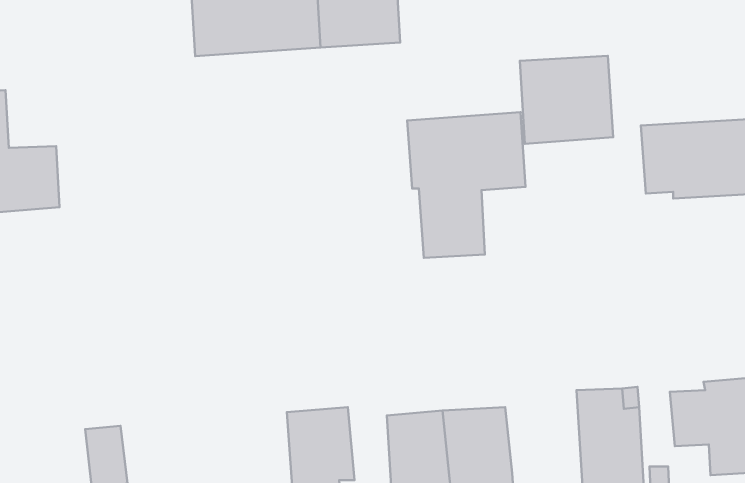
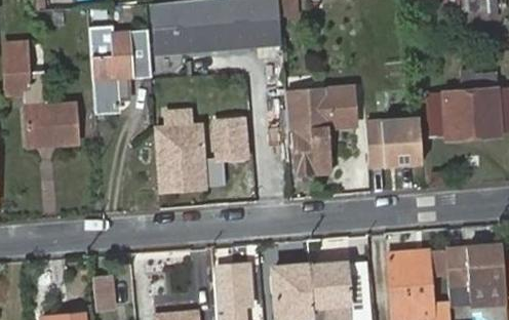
building: none -> [90,33,151,115]
building: [520,56,613,144] -> [365,118,422,171]
building: none -> [157,118,242,188]

